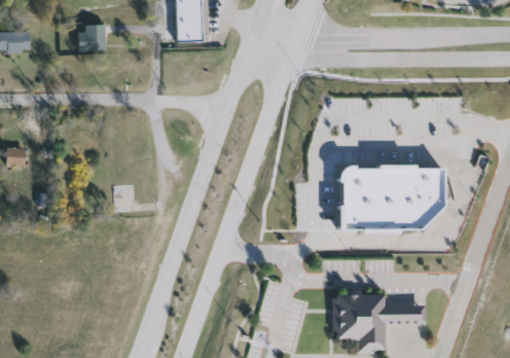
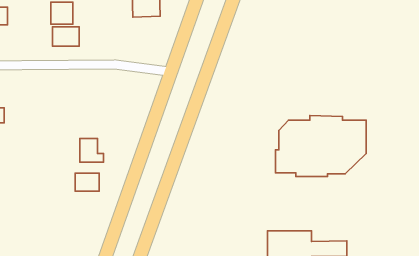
building: none -> [53,27,79,46]
building: none -> [75,173,99,191]

